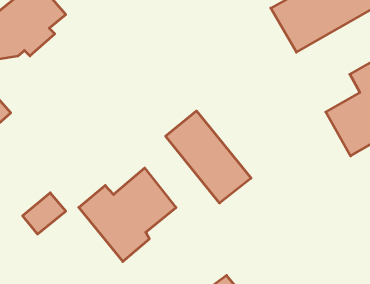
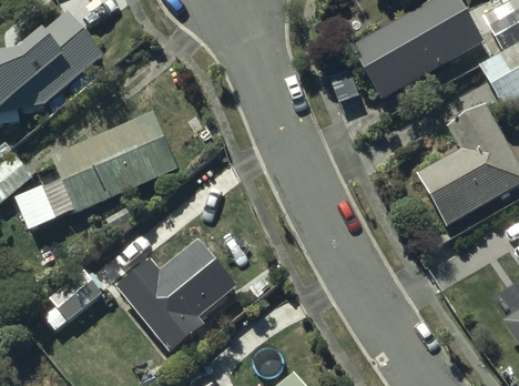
building: none -> [42,112,177,216]
building: [166,111,251,203] -> none

